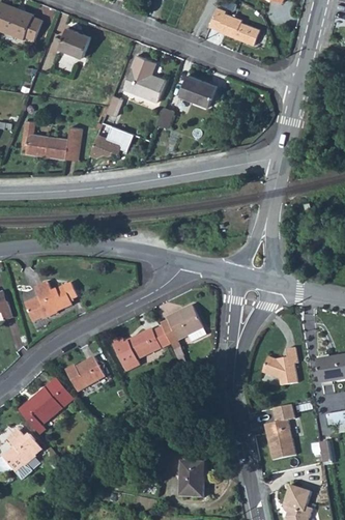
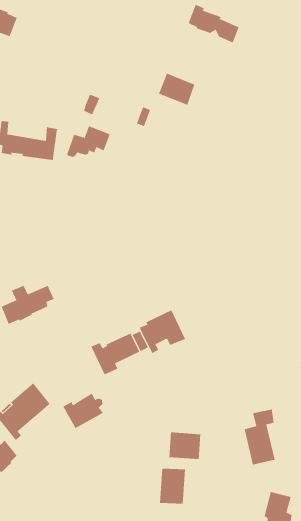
building: [58,27,89,57] -> none
building: [123,55,165,100] -> none
building: [262,346,297,384] -> none
building: [65,355,106,391] -> [63,393,104,429]
building: none -> [169,432,201,460]

